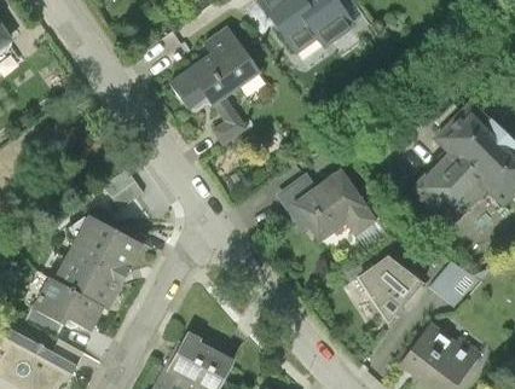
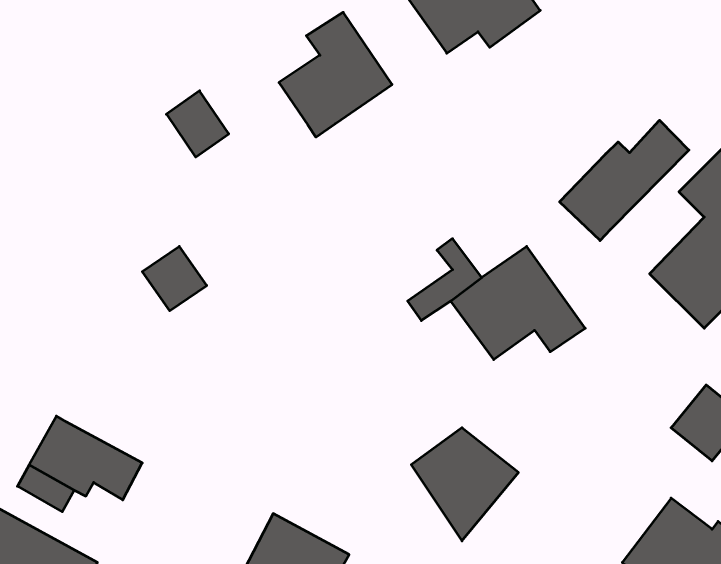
building: [168,69,207,110] -> [166,91,229,157]
building: none -> [560,120,689,241]
building: [212,94,244,141] -> none
building: [57,216,144,307] -> none
building: [357,255,423,325] -> [411,428,518,541]

